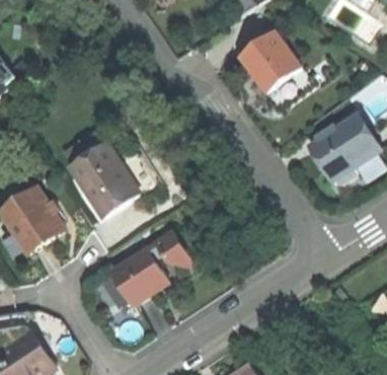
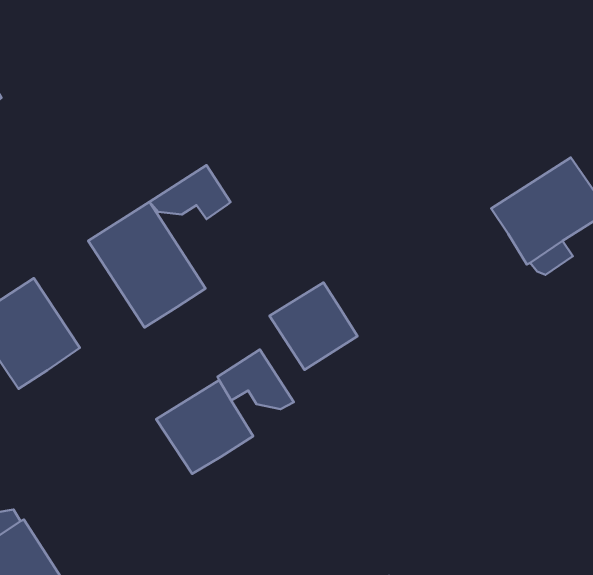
building: [238,30,300,93] -> none
building: none -> [150,165,230,219]
building: none -> [269,283,357,370]

